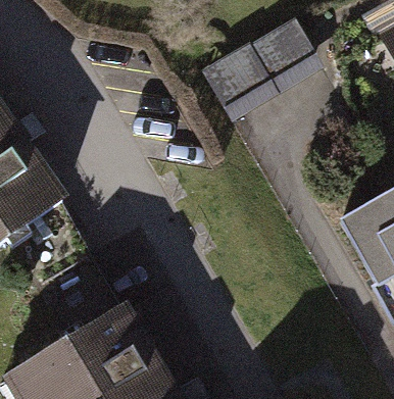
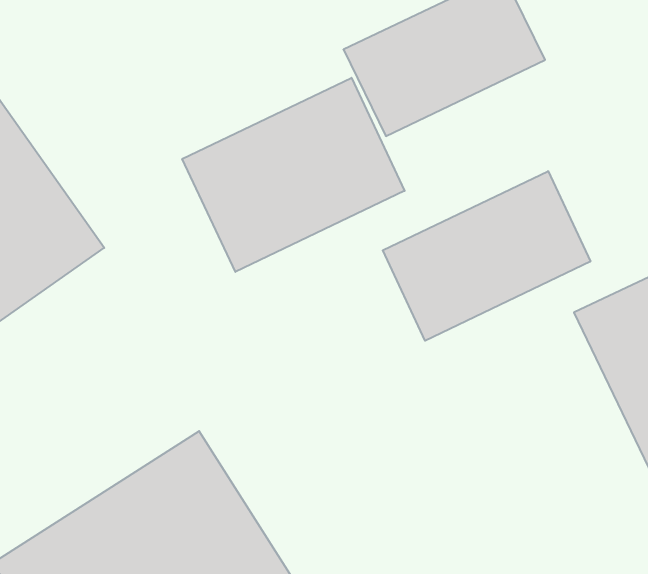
building: none -> [182,78,405,272]
building: none -> [383,171,590,341]

